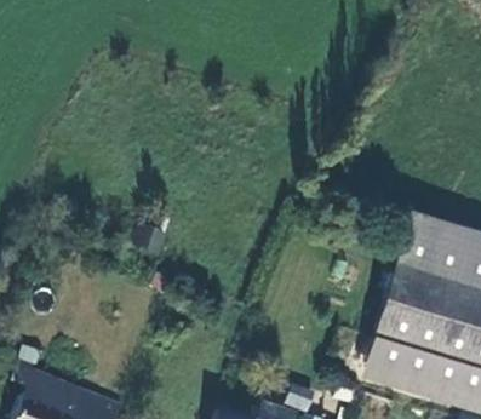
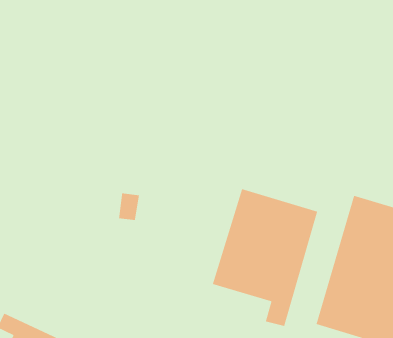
building: none -> [212,188,318,327]

